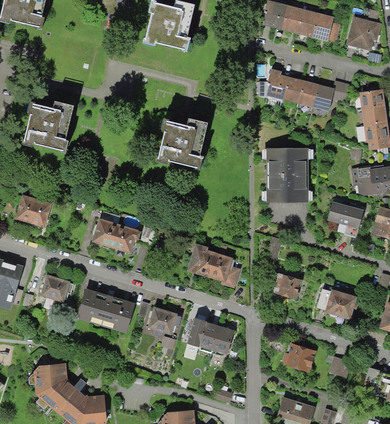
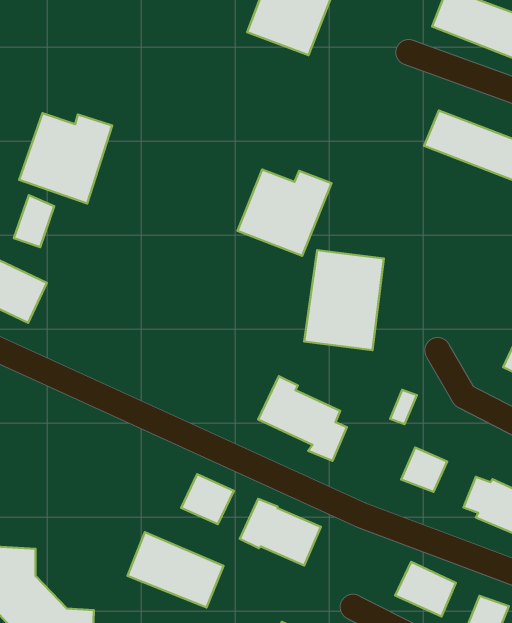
building: [267,147,308,202] -> [304,250,384,350]
building: none -> [14,195,54,247]
building: [91,218,137,253] -> none
building: [39,276,70,302] -> none
building: [78,290,134,330] -> [128,532,224,608]

